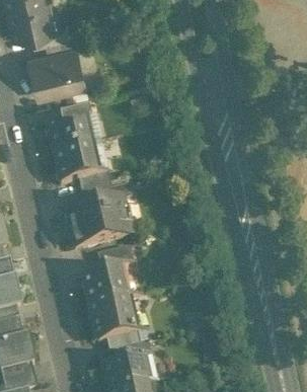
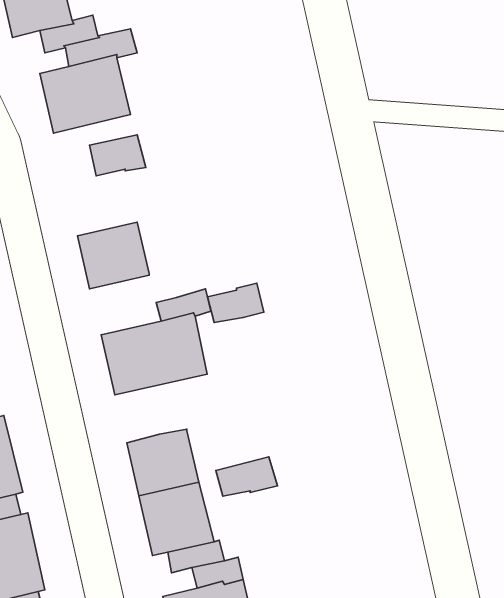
building: [46,111,88,151] -> none
building: [78,170,111,193] -> [207,283,264,323]
building: [97,245,134,268] -> [216,457,278,496]

